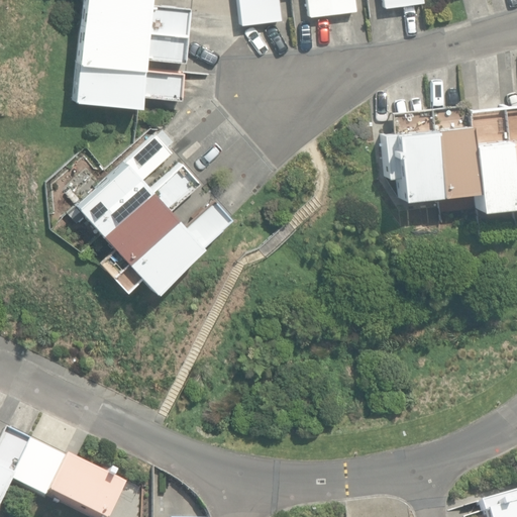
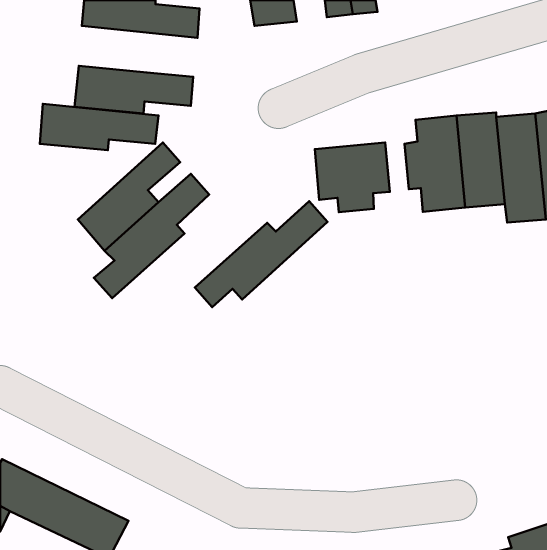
building: [78,26,189,70] -> [40,104,158,150]
building: none -> [315,142,390,212]
building: [109,200,233,299] -> [195,201,327,307]

